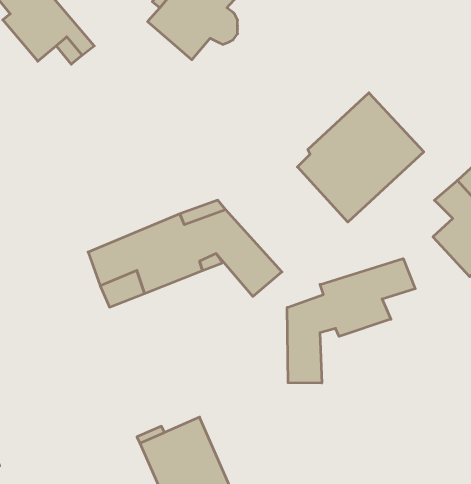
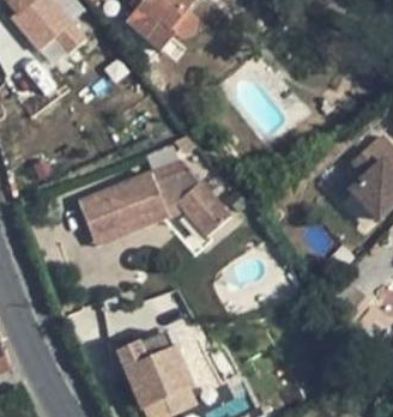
building: [297,93,424,222] -> none
building: [287,259,415,383] -> none

